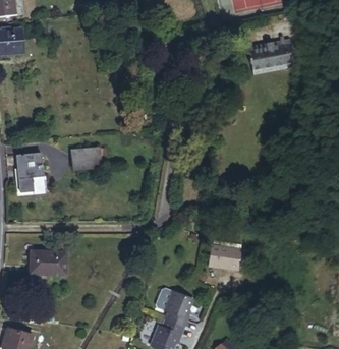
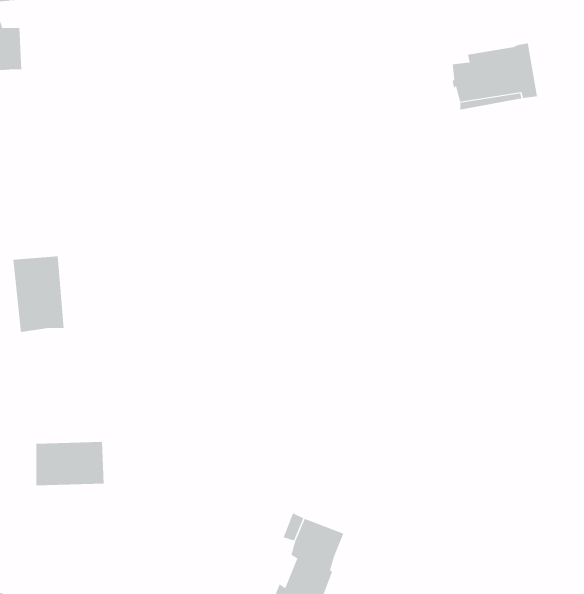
building: [71,144,101,168] -> none
building: [209,244,241,269] -> none

